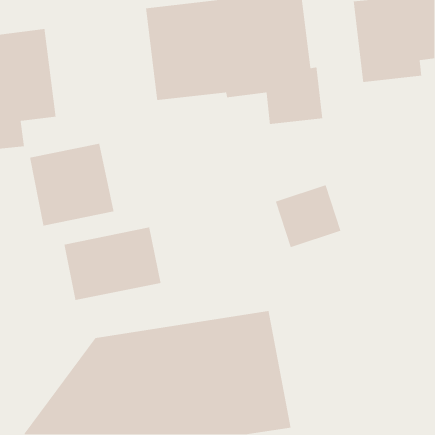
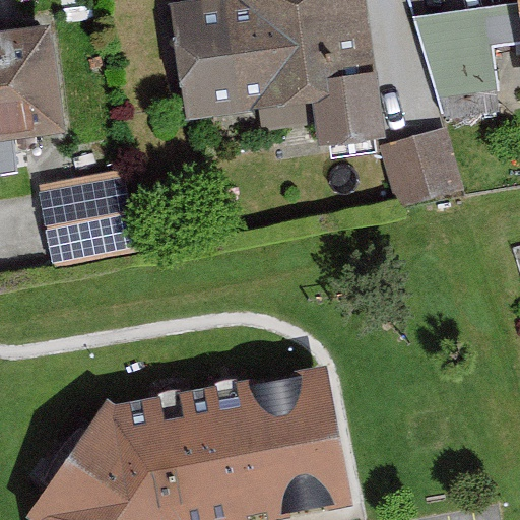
building: [275,184,342,248] -> [375,130,454,206]
building: [64,226,162,301] -> none

